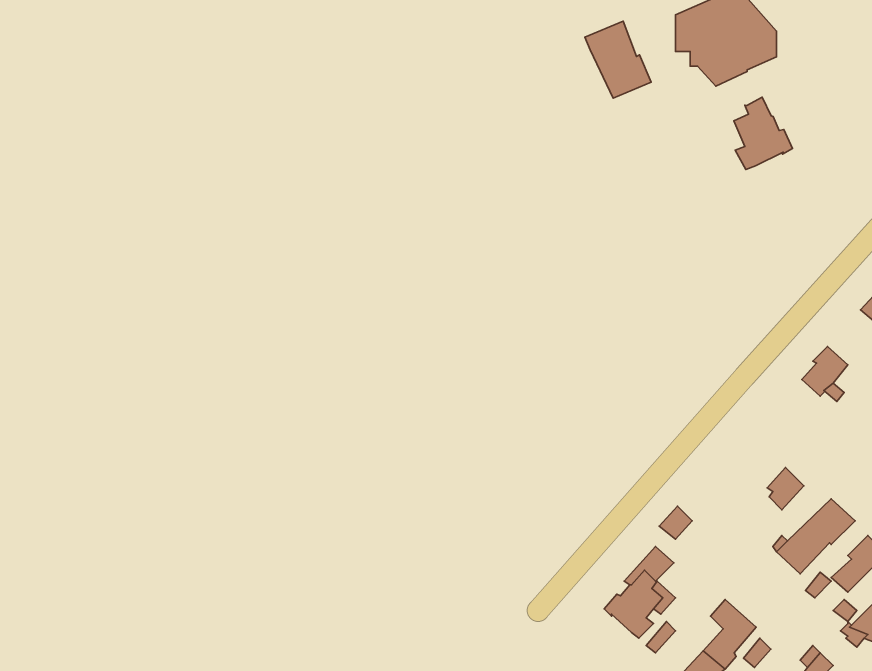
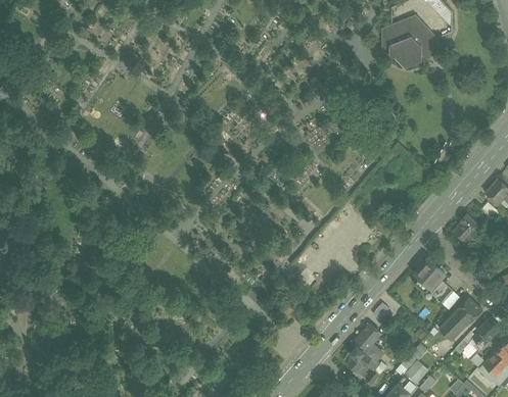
building: [585,21,651,98] -> none
building: [734,97,793,170] -> none
building: none -> [414,258,446,289]

